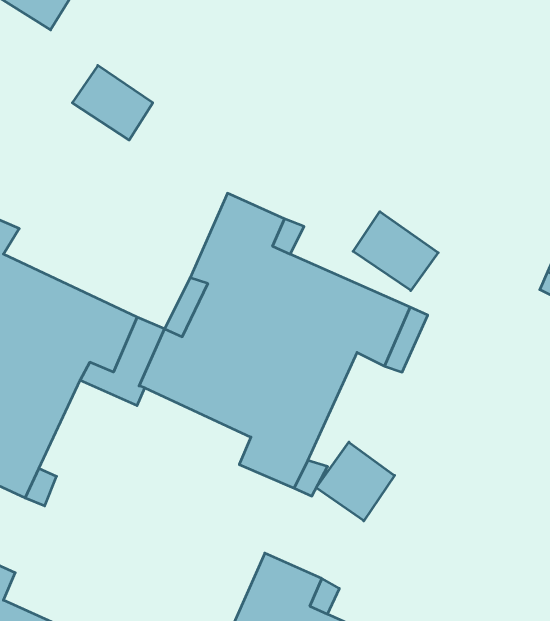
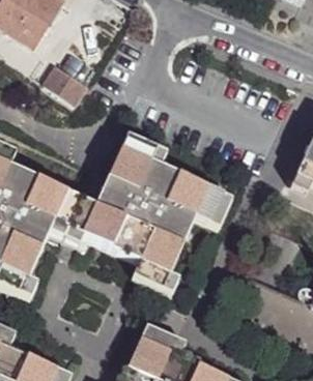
building: [353,212,438,291] -> none
building: [316,442,395,521] -> none

